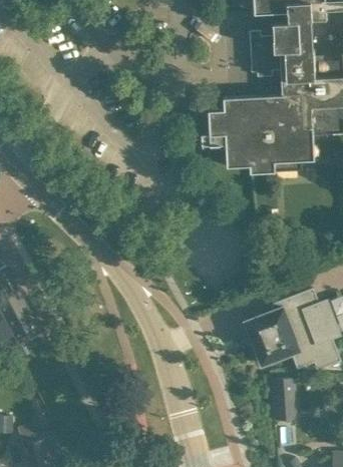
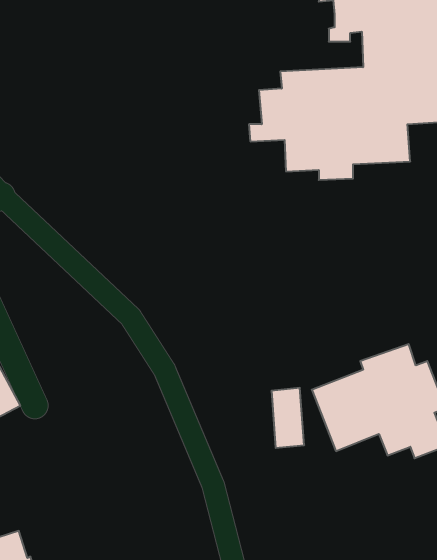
building: [274,378,297,420] -> [271,388,304,448]

